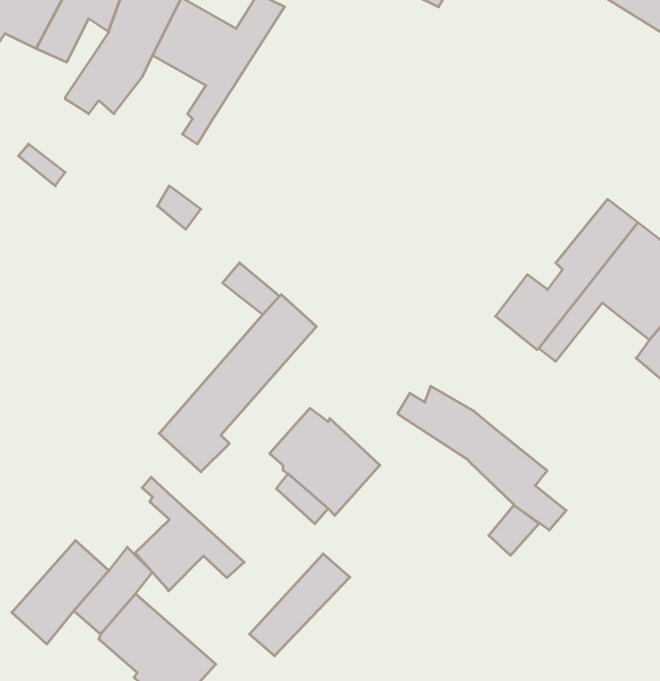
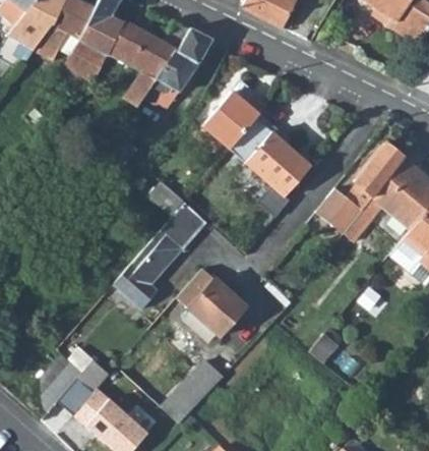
building: none -> [143,26,210,106]
building: none -> [201,82,266,151]
building: none -> [245,132,312,198]
building: [398,386,566,530] -> none
building: [135,477,244,591] -> none

